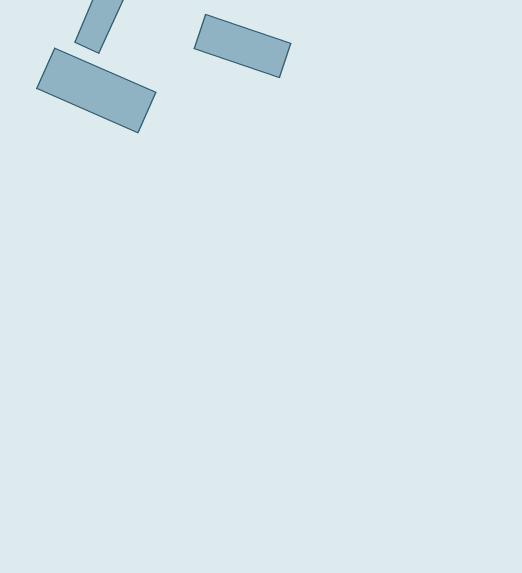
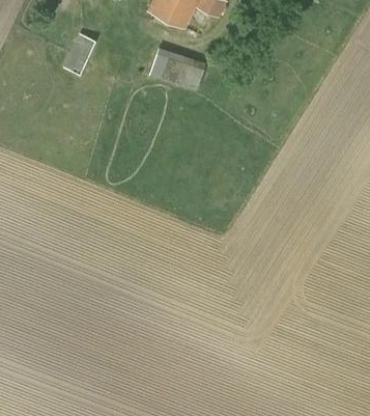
building: [37,48,156,133] -> none

